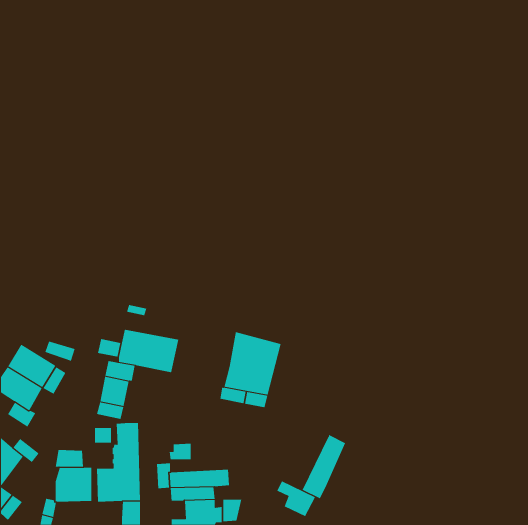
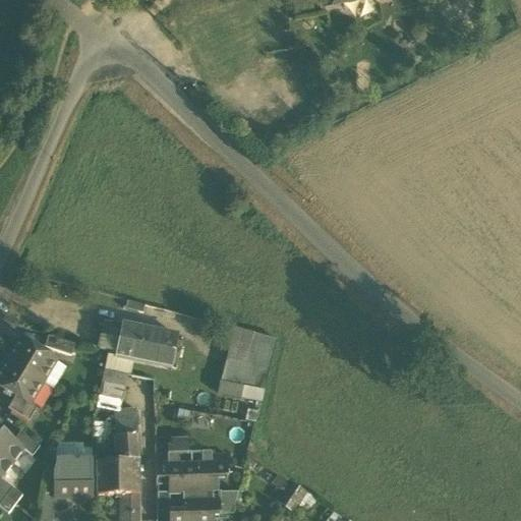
building: [302,434,346,499] -> none

